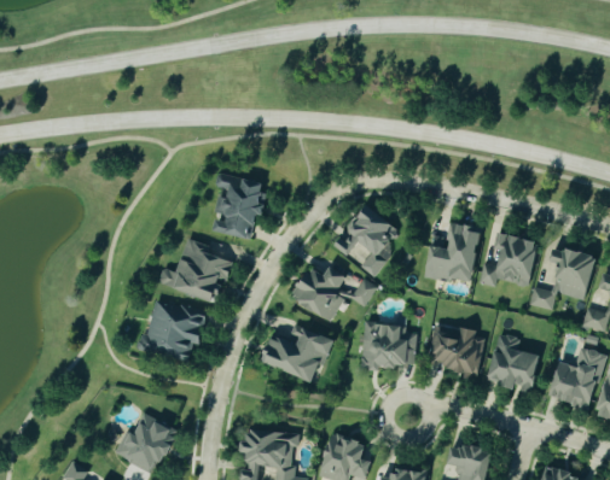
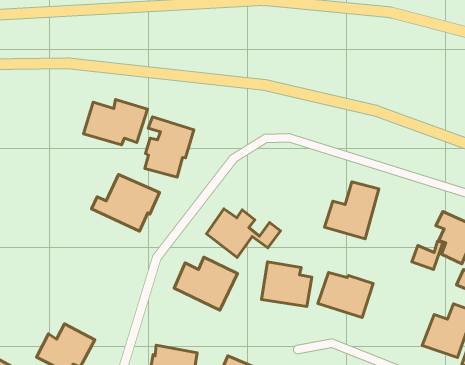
building: none -> [84,99,148,145]
building: [333,204,401,274] -> none
building: [477,233,538,287] -> none
building: [135,300,207,362] -> none
building: [487,334,540,393] -> none

